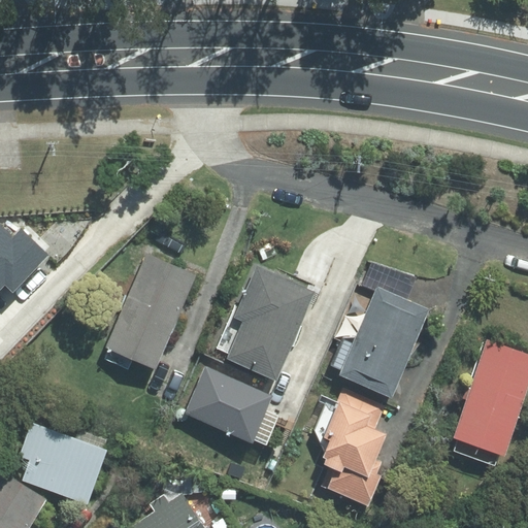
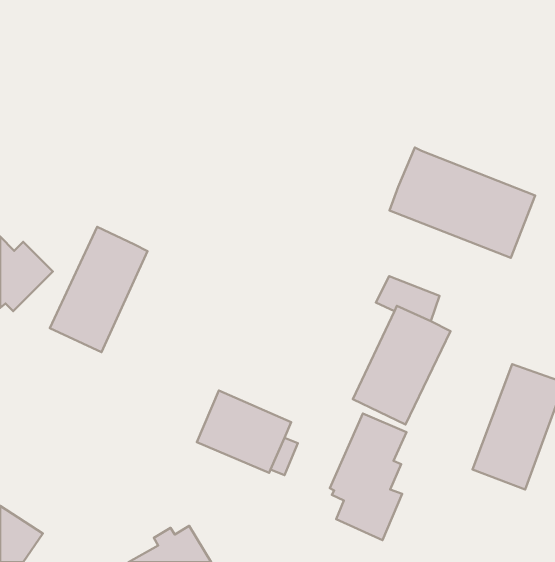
building: none -> [390,148,535,258]
building: [103,254,195,371] -> [50,227,148,352]
building: [226,267,314,383] -> none
building: [20,423,105,504] -> none

